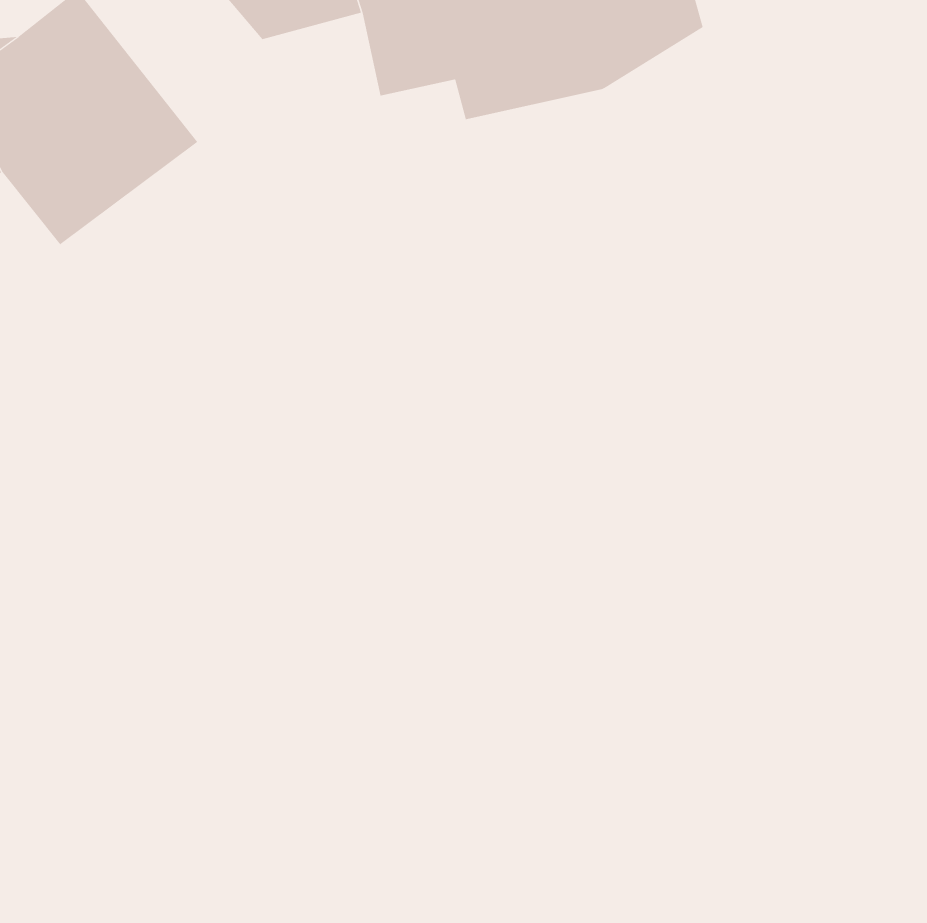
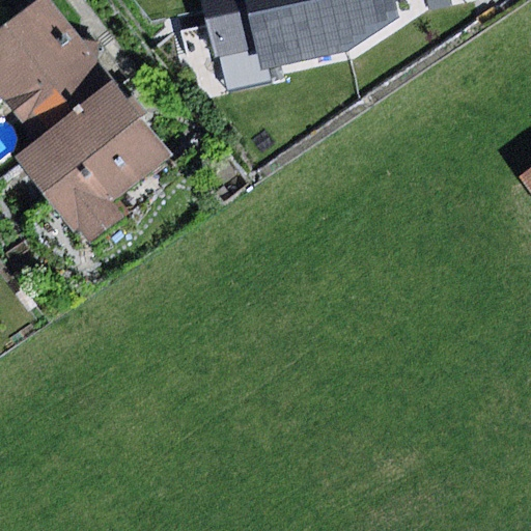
building: none -> [16,81,167,240]

